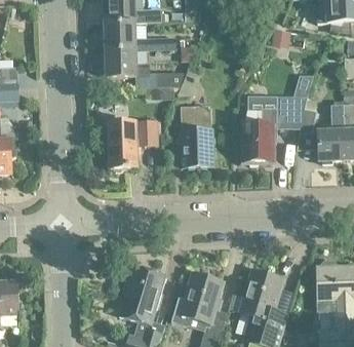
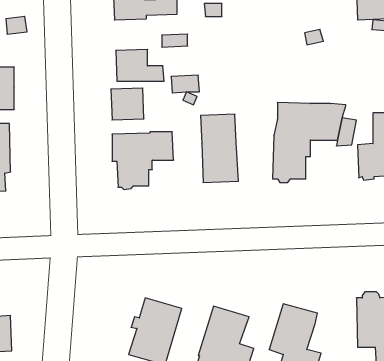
building: [106,22,134,49] -> [111,88,144,120]

